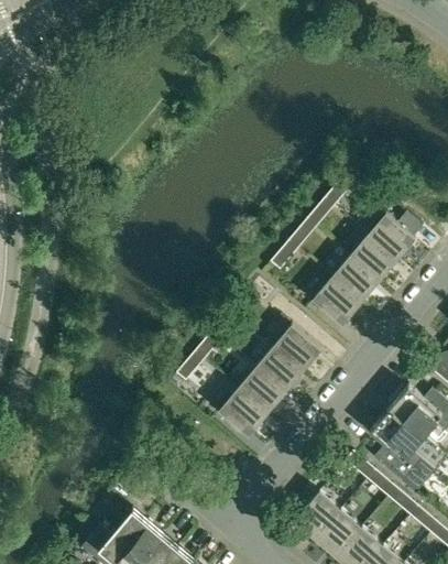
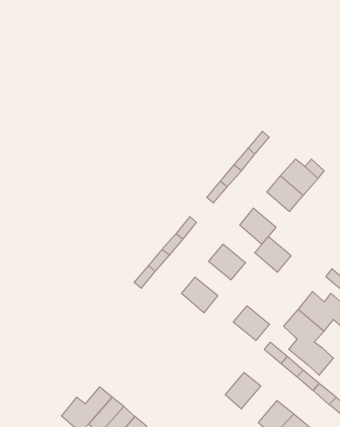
building: [332,254,380,301] -> [255,237,291,272]
building: [256,345,304,390] -> [233,306,270,340]
building: [220,387,269,433] -> none
building: [317,508,363,555] -> none

